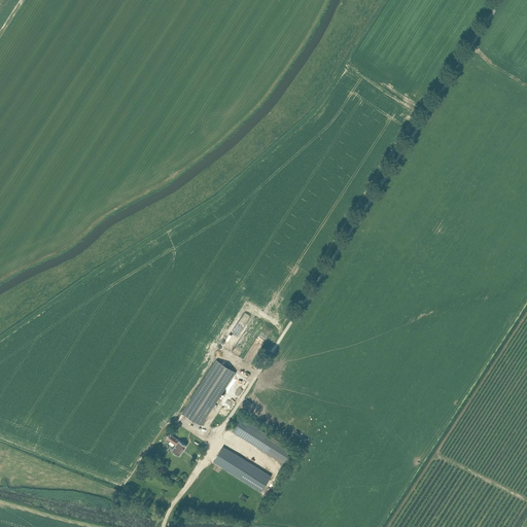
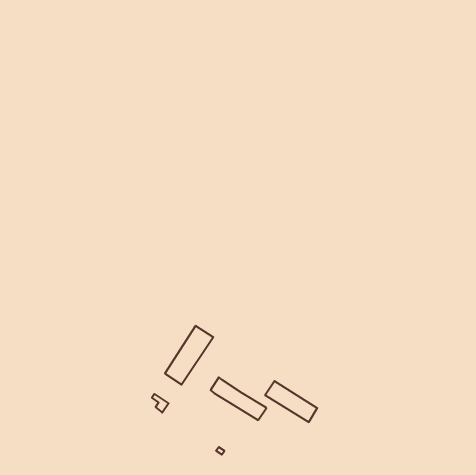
building: [213,448,271,493] -> [265,381,317,422]

